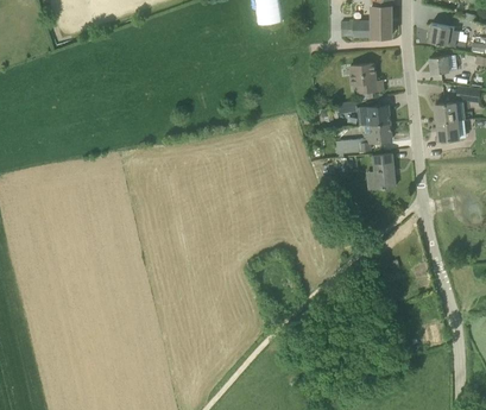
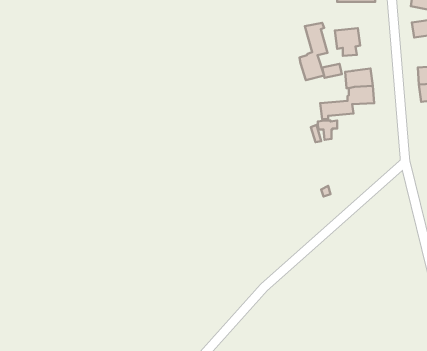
building: none -> [300,23,327,80]
building: [366,153,396,190] -> none

